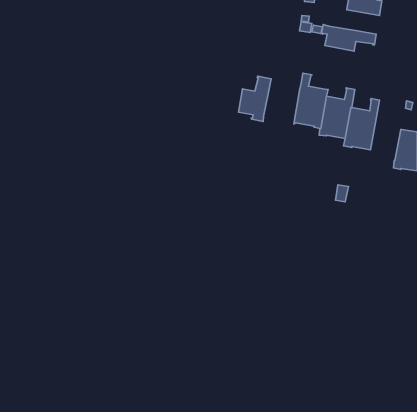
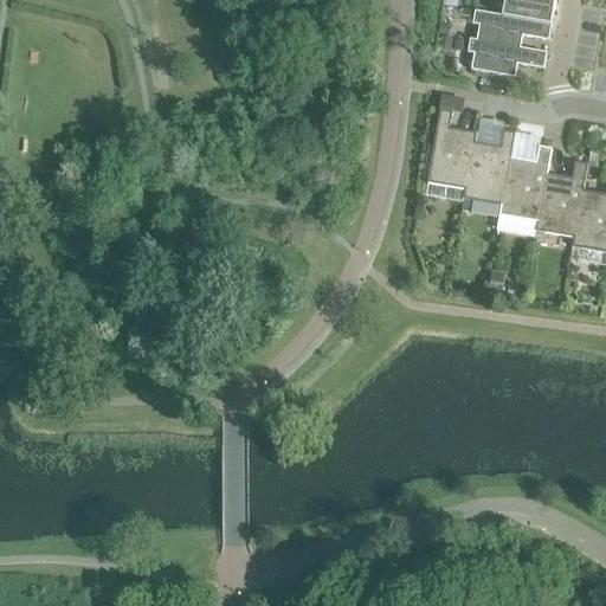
building: none -> [472,8,550,45]
building: [238,76,271,121] -> none
building: none -> [535,160,587,233]

